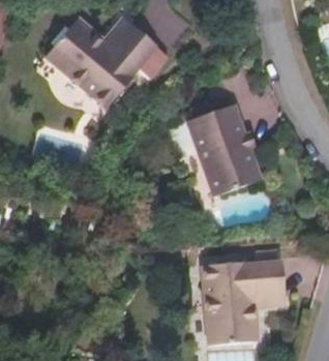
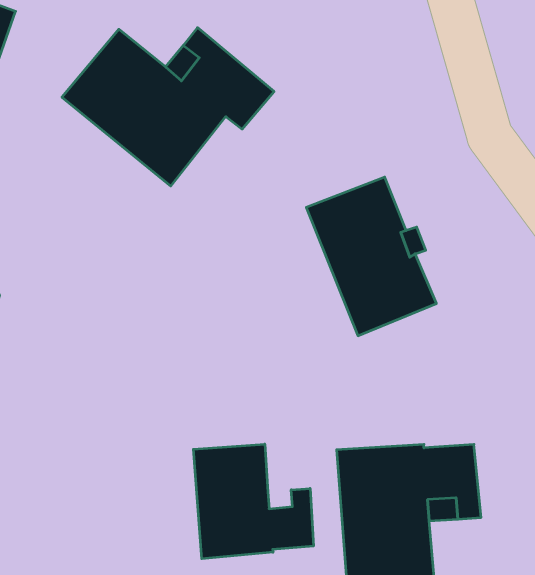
building: none -> [193,444,313,559]

